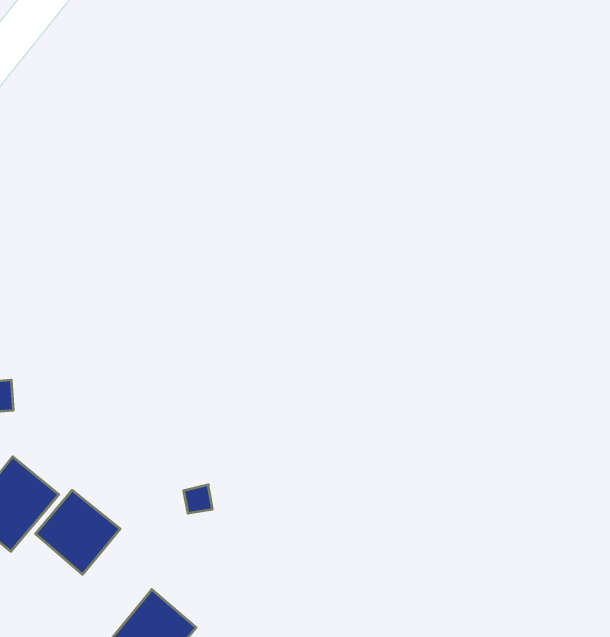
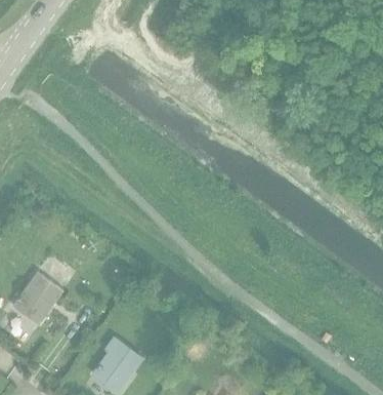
building: [36,490,120,574] -> none

